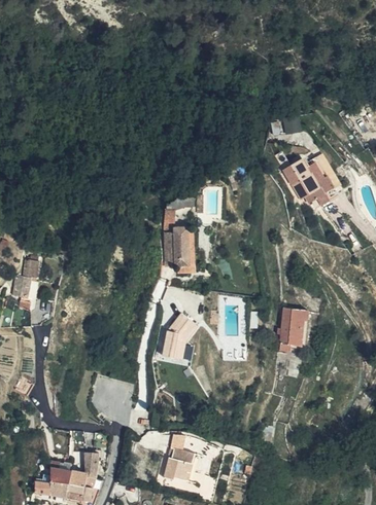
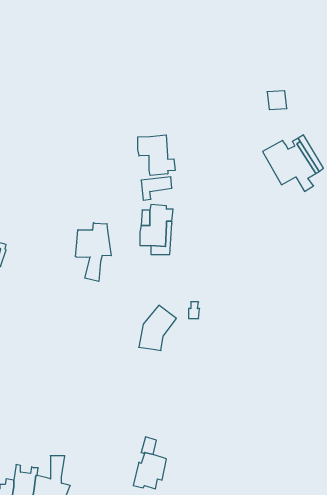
building: none -> [138,135,175,175]
building: none -> [75,223,111,281]
building: [277,309,306,353] -> none

